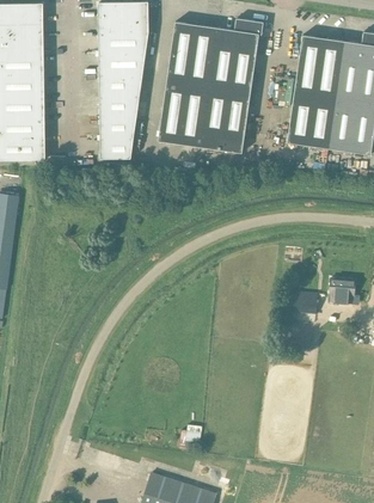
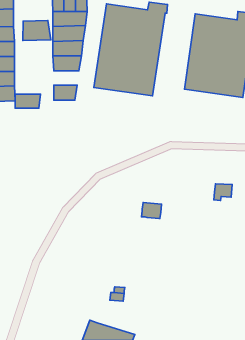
building: none -> [23,20,51,41]
building: [100,116,136,136] -> [15,94,40,108]
building: [289,290,318,313] -> [141,203,162,218]

